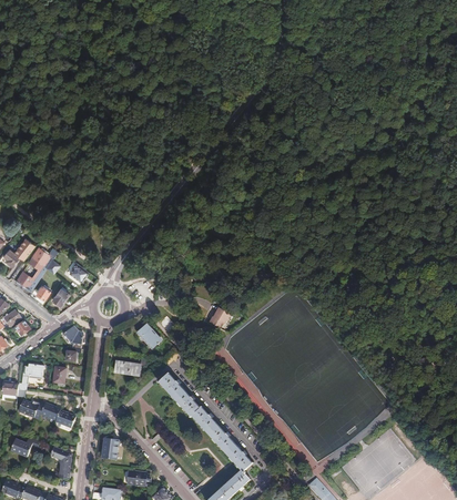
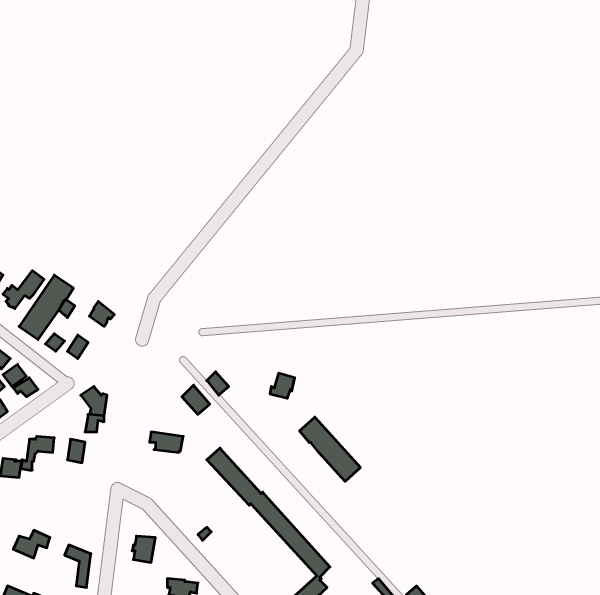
building: none -> [300,417,360,481]
building: [18,400,74,427] -> none

